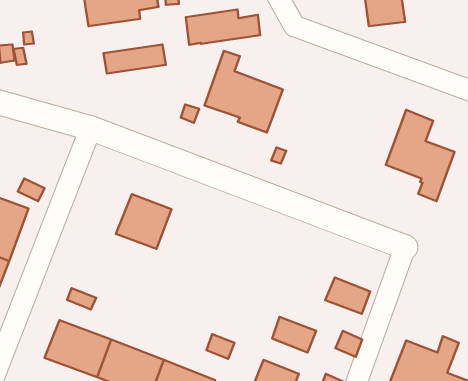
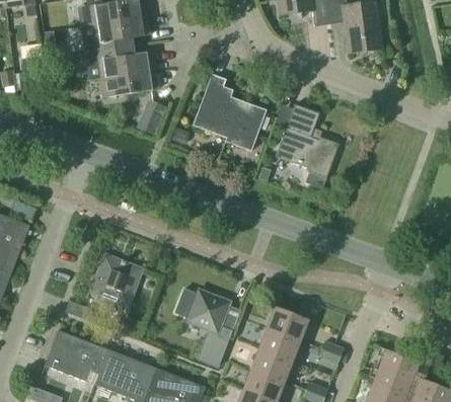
building: [186,10,260,45] -> [85,46,155,79]
building: none -> [136,99,166,135]
building: [386,110,455,201] -> [276,105,341,191]
building: [116,194,172,249] -> [89,254,142,306]
building: none -> [174,288,230,333]
building: [325,277,370,314] -> [266,306,308,340]
building: none -> [250,347,292,381]

